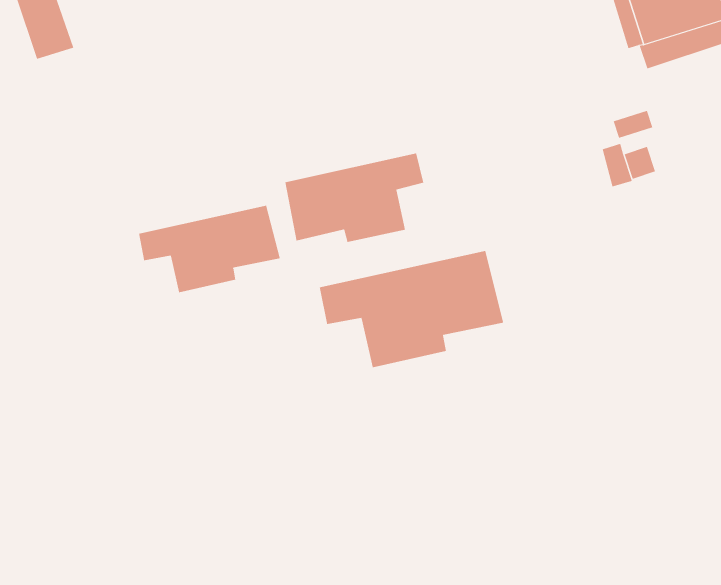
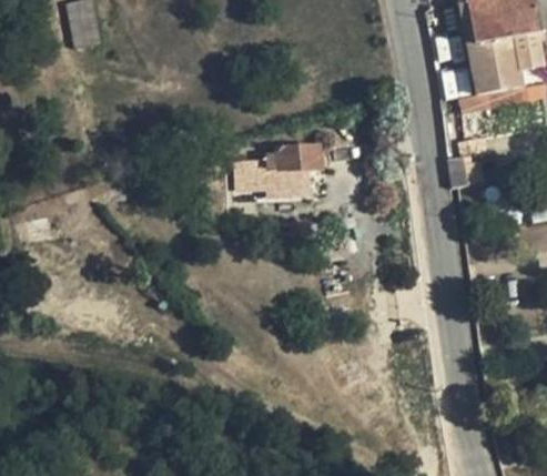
building: [138,205,280,293] -> none
building: [319,250,504,368] -> none

